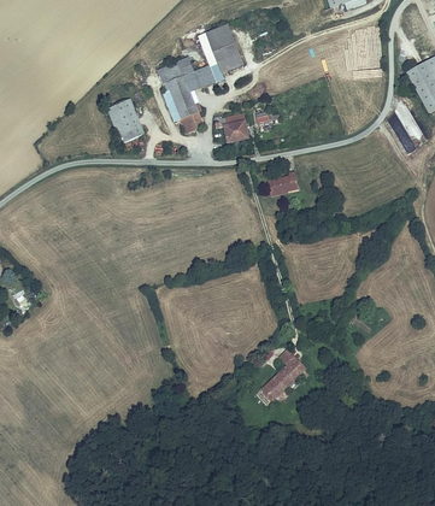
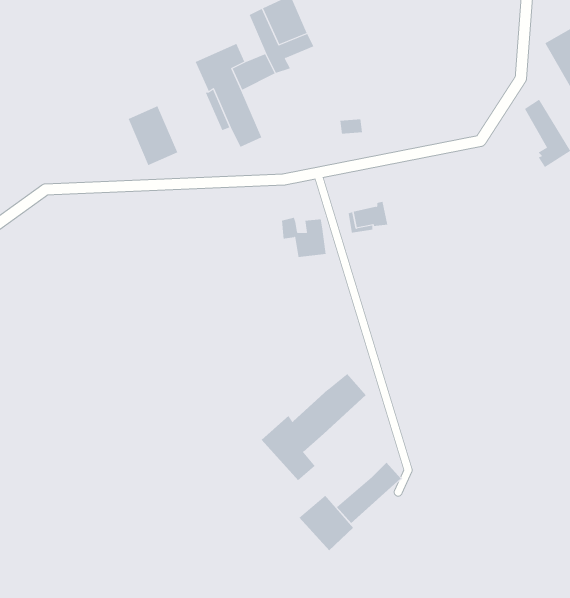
building: [219,112,252,141] -> [281,217,326,258]
building: none -> [261,373,366,481]
building: none -> [299,495,354,551]

